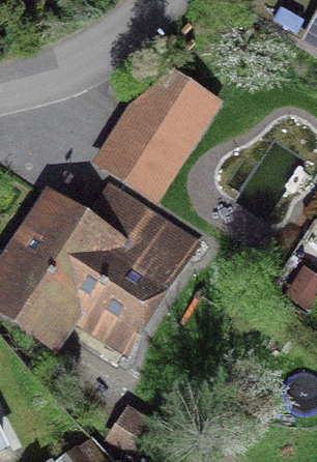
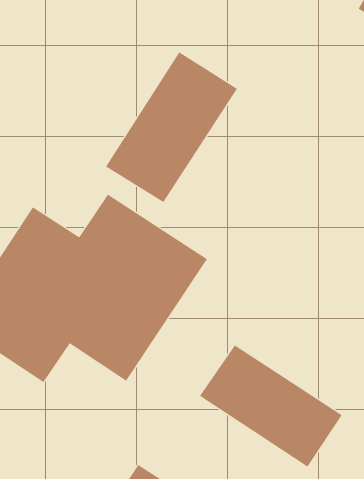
building: none -> [199,344,342,468]

